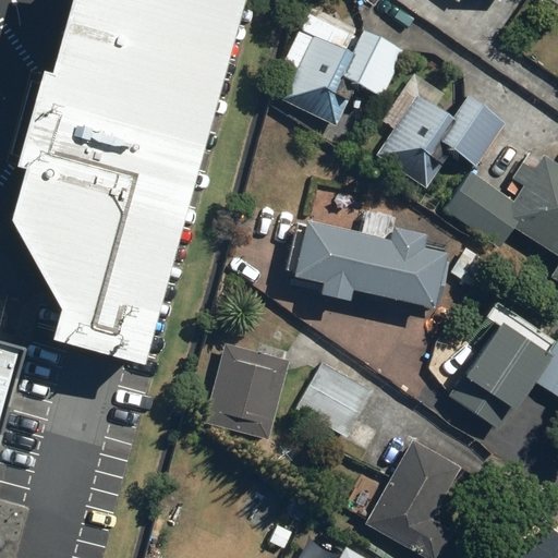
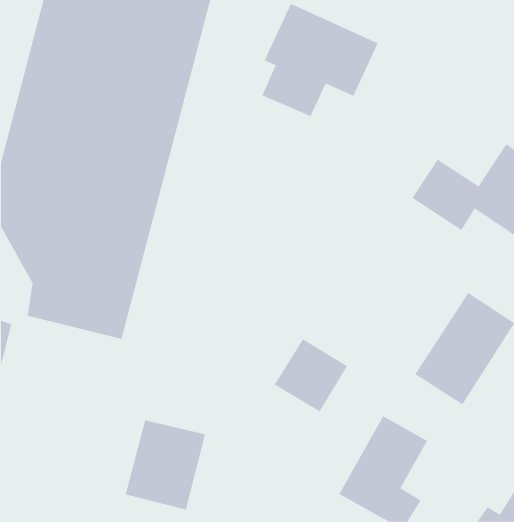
building: [385,73,507,187] -> none
building: [288,209,444,311] -> none
building: [208,344,294,440] -> [125,420,206,510]

